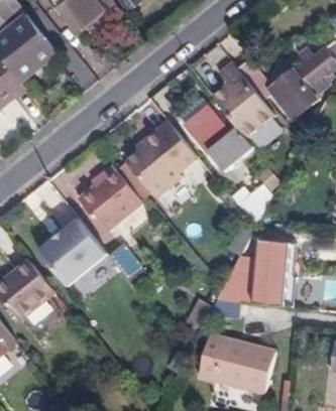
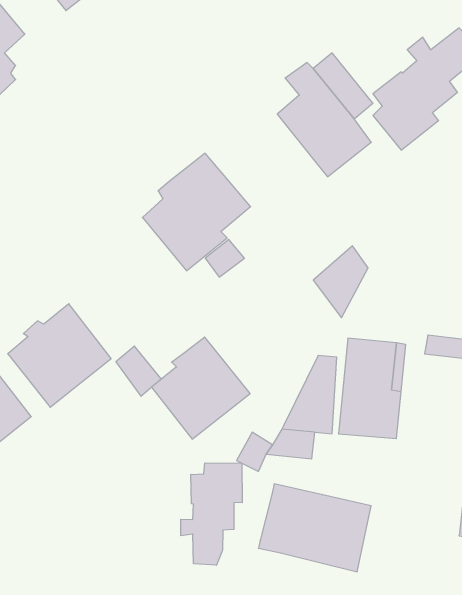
building: [185,108,252,169] -> none
building: [79,166,142,232] -> [151,337,250,439]
building: none -> [181,463,242,565]

